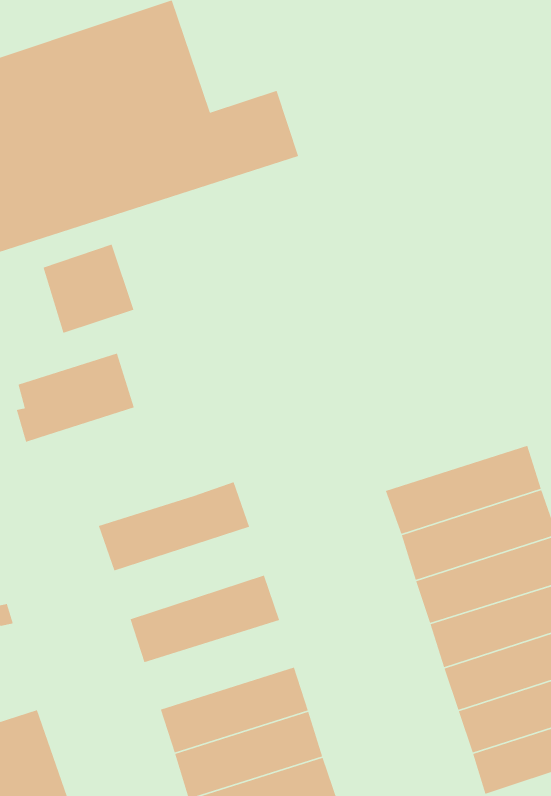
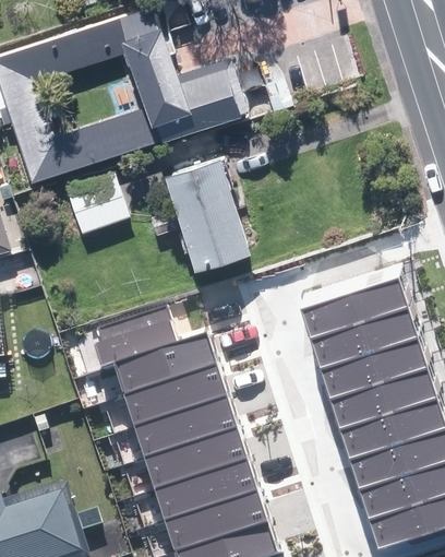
building: none -> [177,157,262,266]
building: [16,353,135,443] -> [92,307,173,369]
building: none -> [296,281,404,342]
building: none -> [119,367,222,430]
building: none -> [140,431,243,493]

